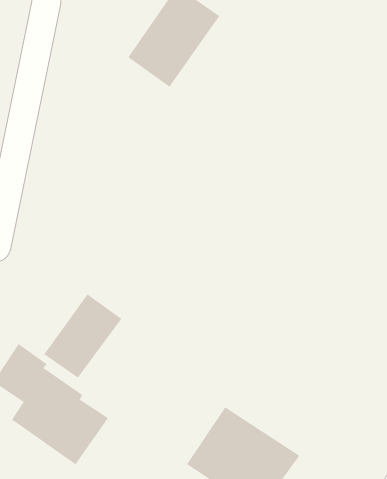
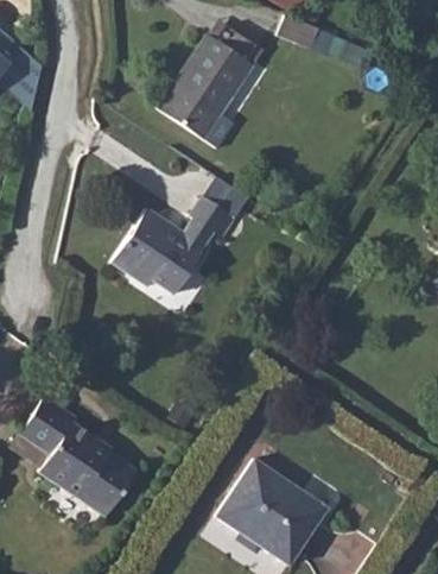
building: none -> [110,195,236,297]
building: [44,294,122,379] -> none

